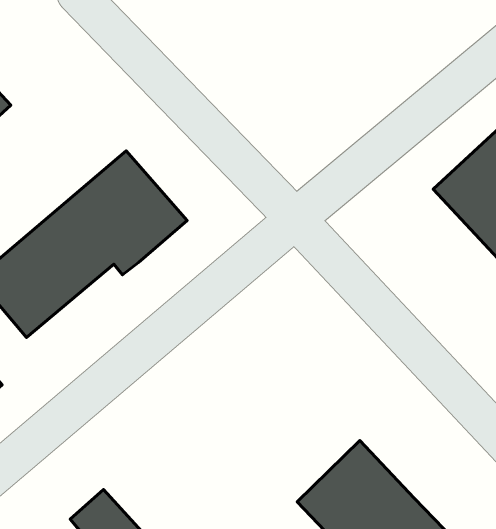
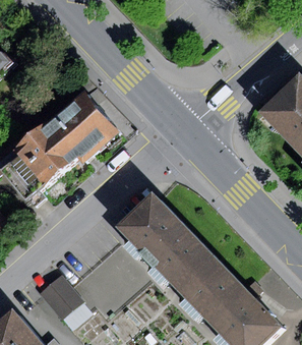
building: none -> [118,193,217,293]

